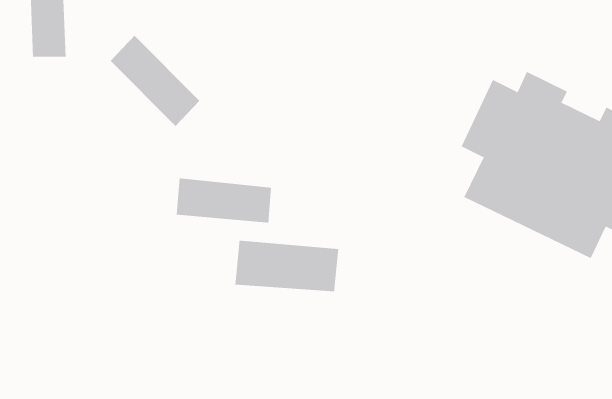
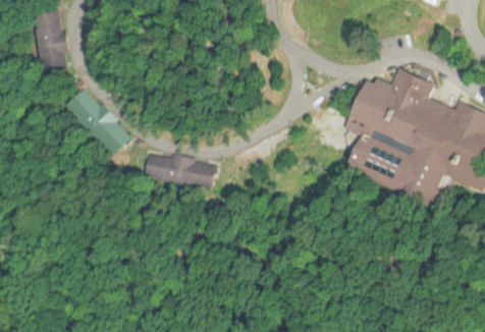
building: [110,35,200,127] -> [59,86,126,154]
building: [235,240,339,292] -> none

